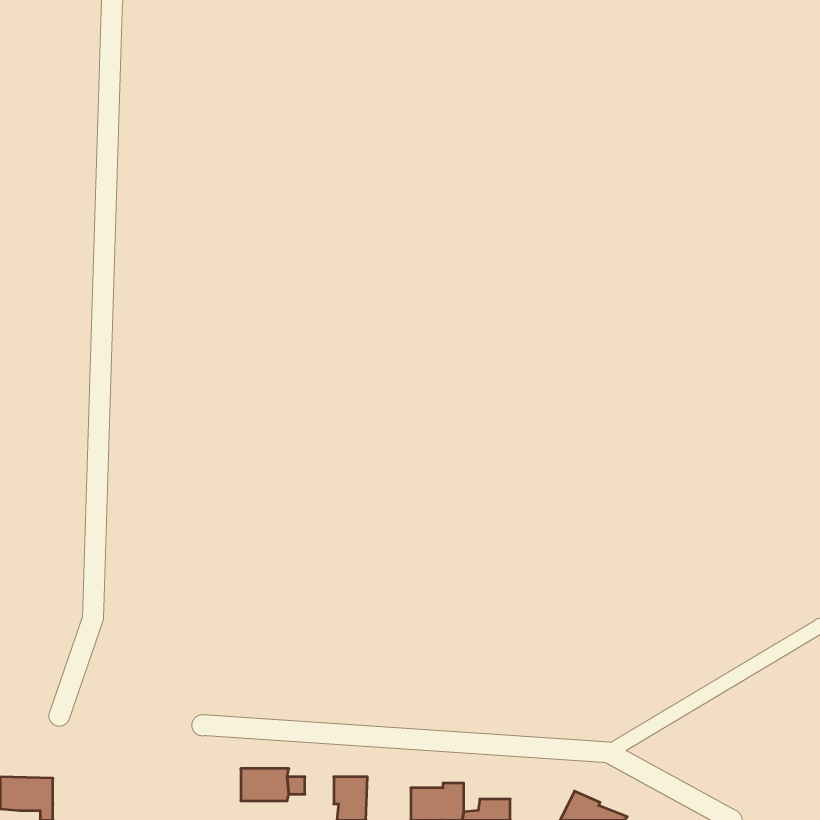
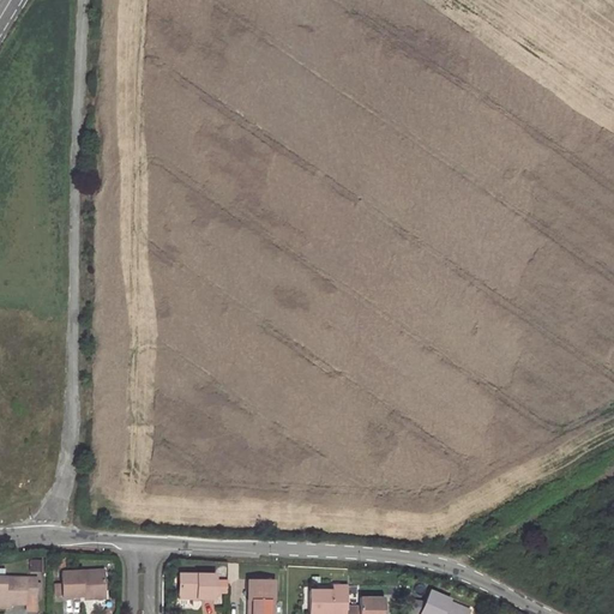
building: none -> [60,572,109,600]

